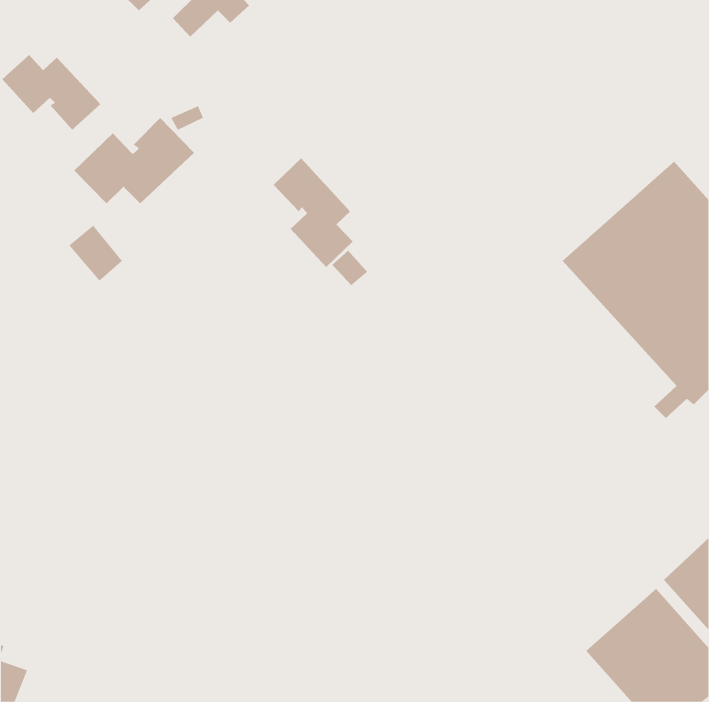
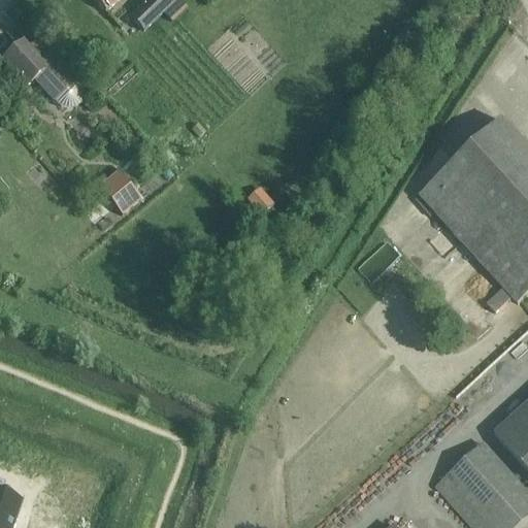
building: [73,117,195,204] -> none
building: [273,158,353,268] -> none
building: [69,225,123,282] -> [98,170,138,212]

